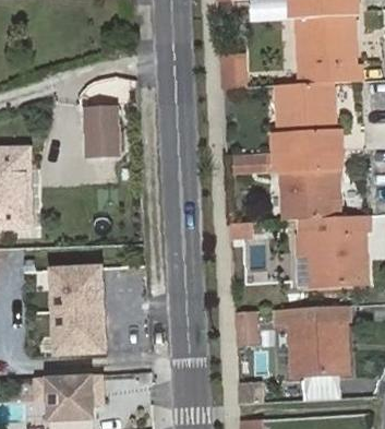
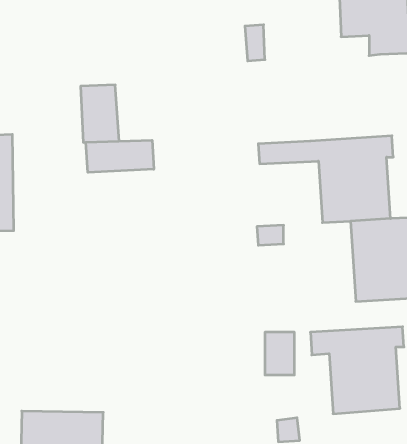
building: [272,83,339,154] -> none
building: none -> [86,140,154,172]
building: [51,262,116,357] -> none

